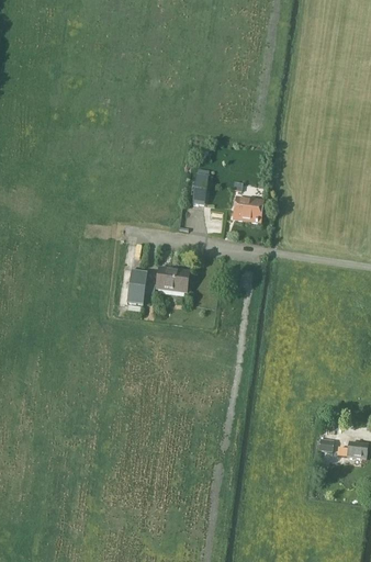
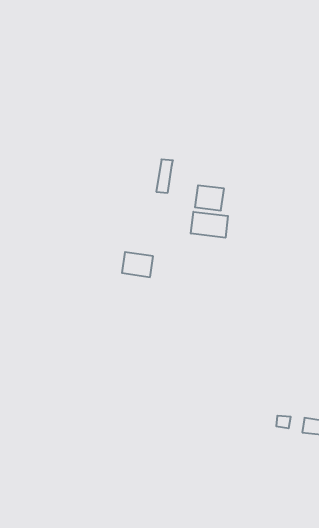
building: none -> [191,212,228,238]
building: [126,269,147,304] -> none

